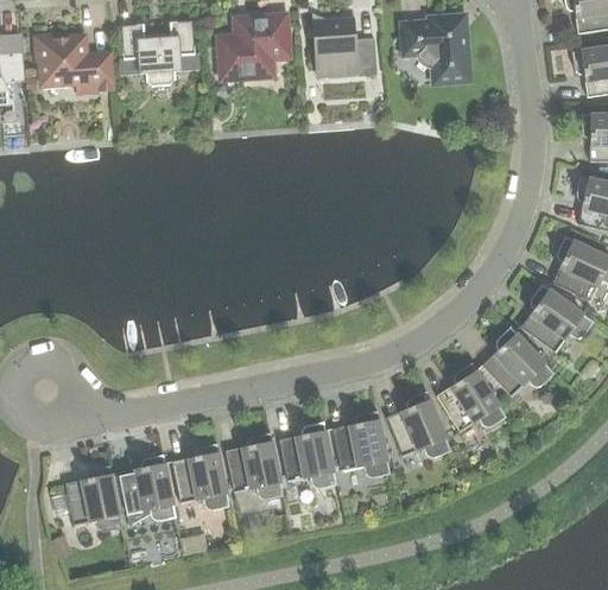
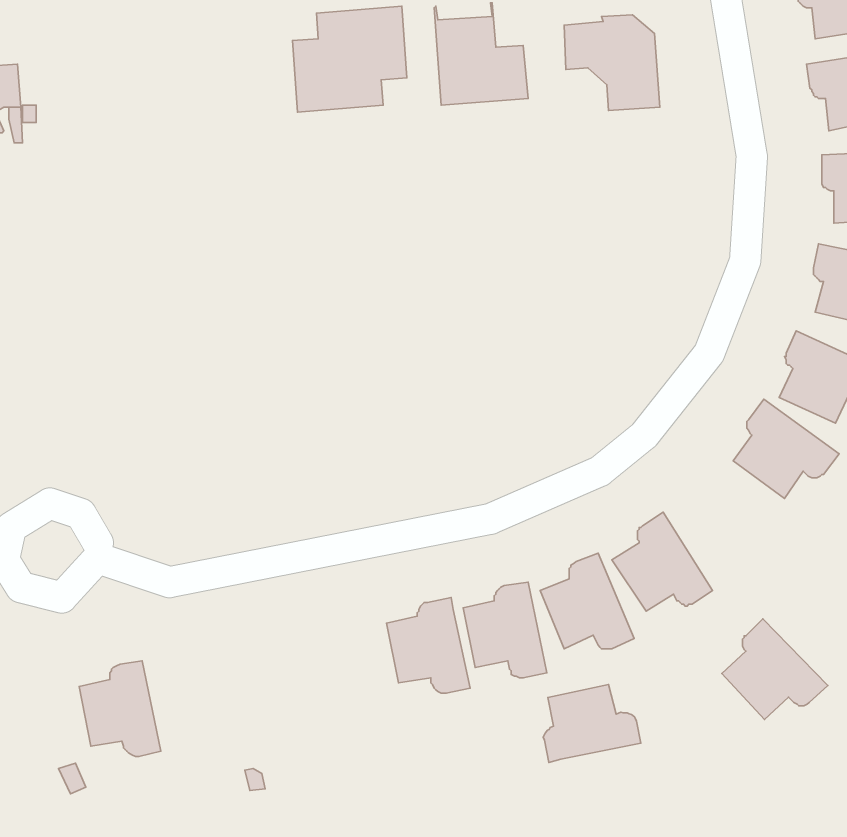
building: [120,20,202,85] -> none
building: [37,34,116,91] -> none
building: [482,326,556,396] -> [722,619,828,720]
building: [227,432,285,499] -> none
building: [173,443,230,509] -> none
building: [120,453,177,526] -> none
building: none -> [543,685,641,762]

